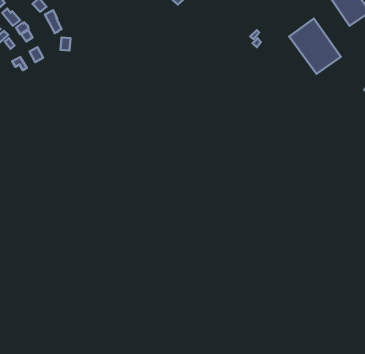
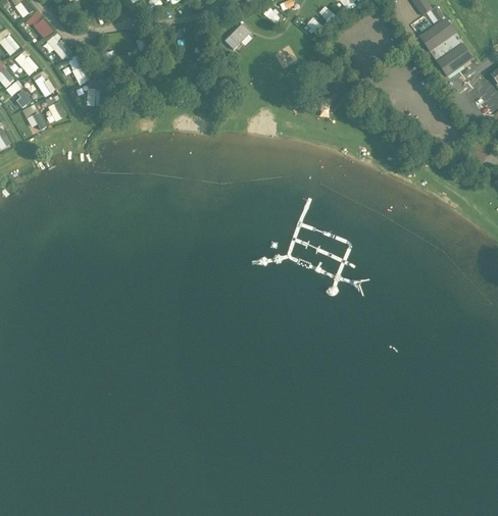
building: [289,18,341,74] -> none

